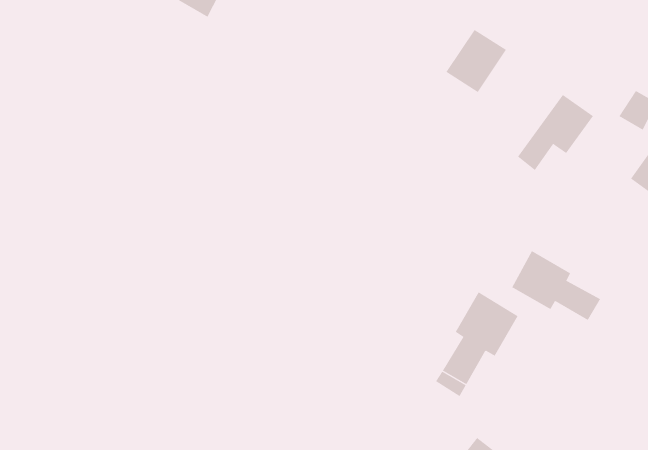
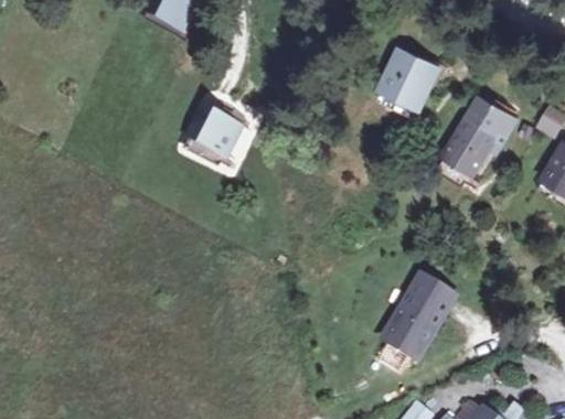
building: none -> [191,105,245,154]
building: [512,250,601,321] -> none

